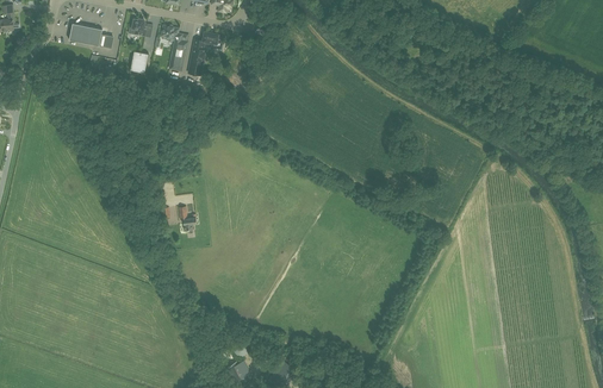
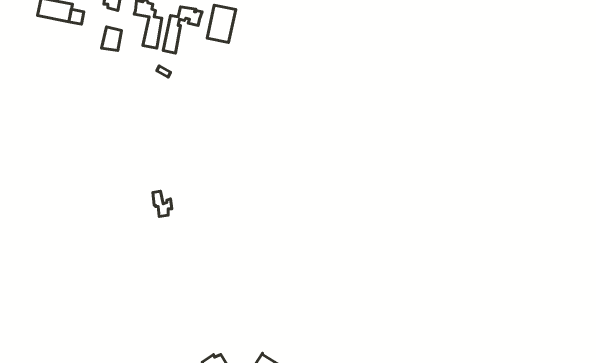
building: none -> [207,5,236,43]

